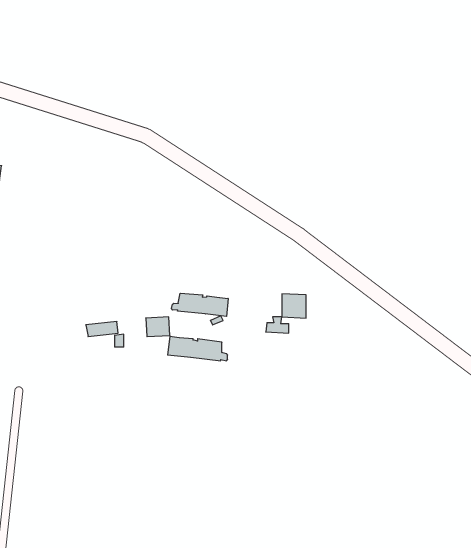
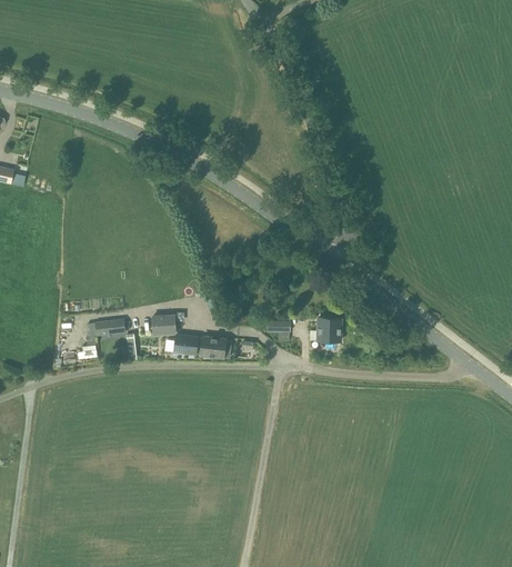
building: [172,293,228,316] -> none
building: [282,294,306,318] -> [318,317,341,340]

